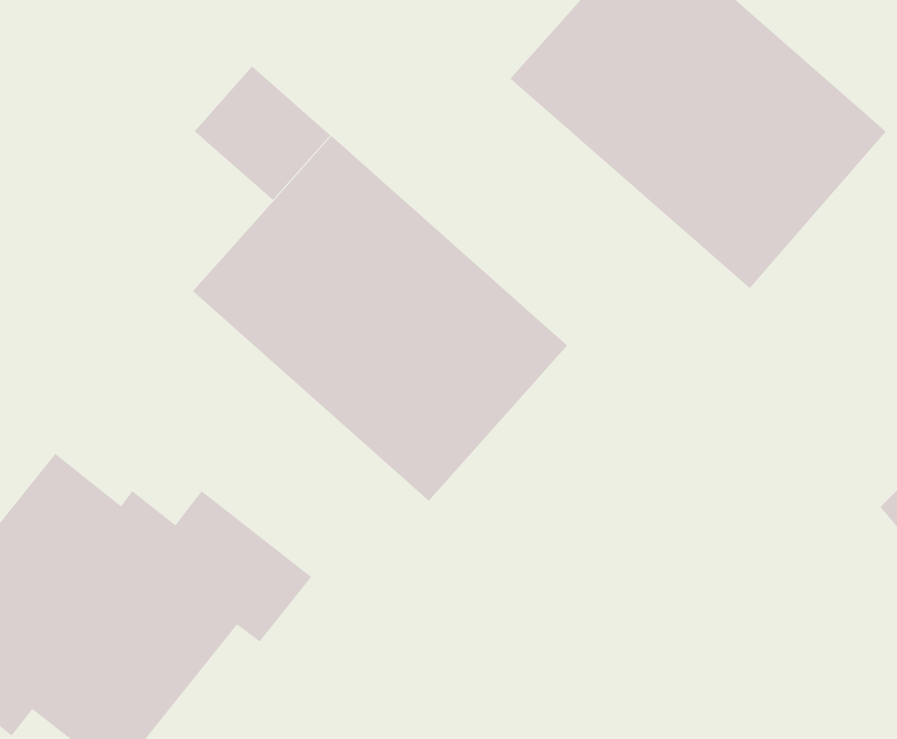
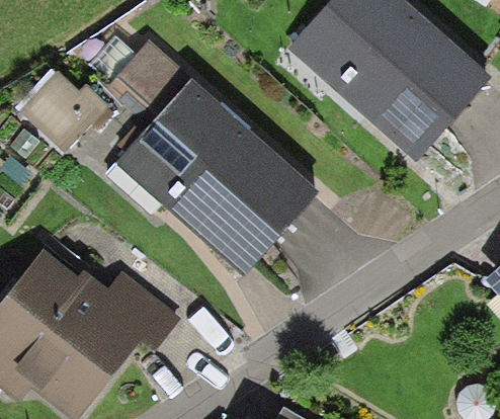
building: none -> [20,70,108,150]

